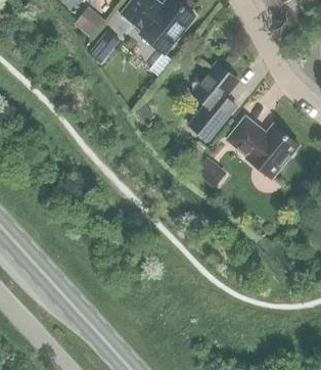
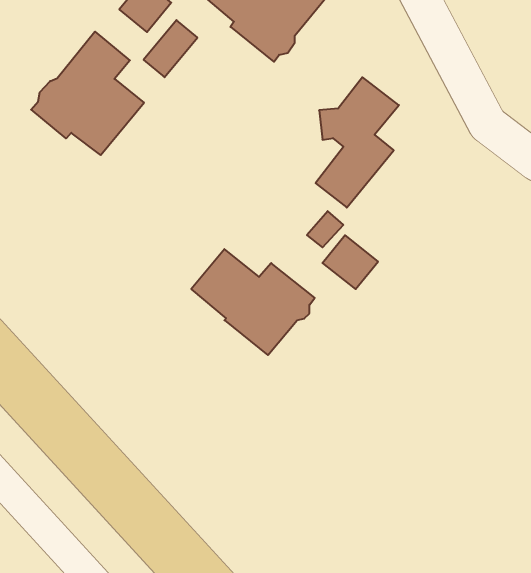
building: none -> [31,32,144,155]
building: [226,117,299,179] -> [191,249,315,355]

